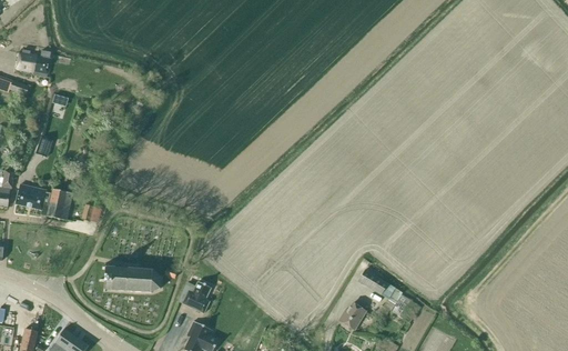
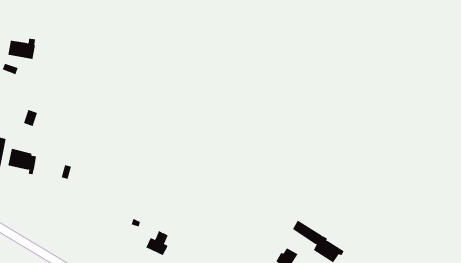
building: [47,189,72,220] -> none
building: [103,267,160,292] -> none

